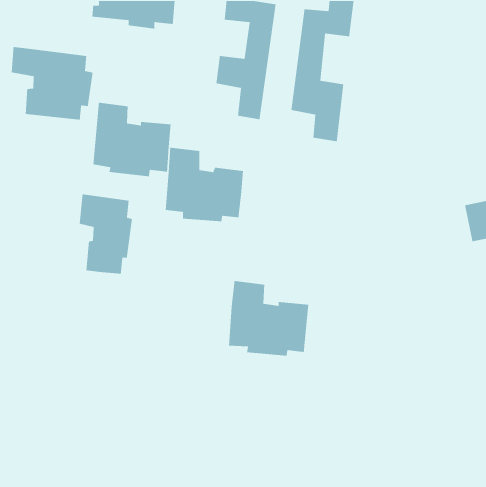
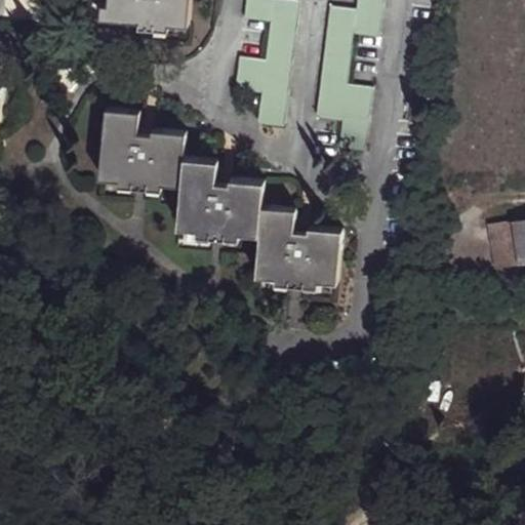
building: [11,46,93,120] -> none
building: [79,193,133,275] -> none
building: [228,280,309,357] -> [255,206,342,288]

